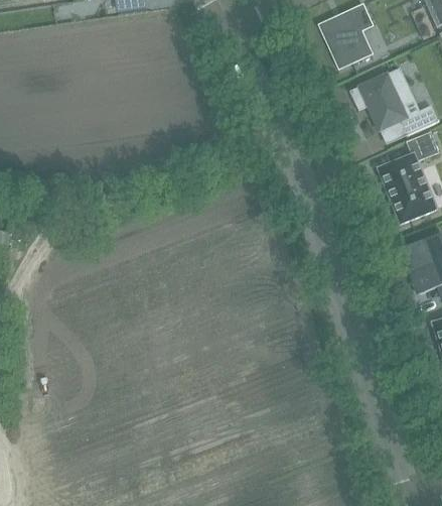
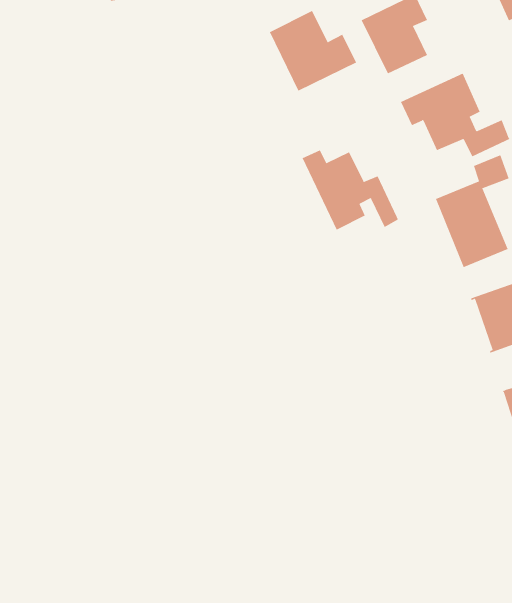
building: none -> [269,10,357,91]
building: none -> [302,150,400,230]

